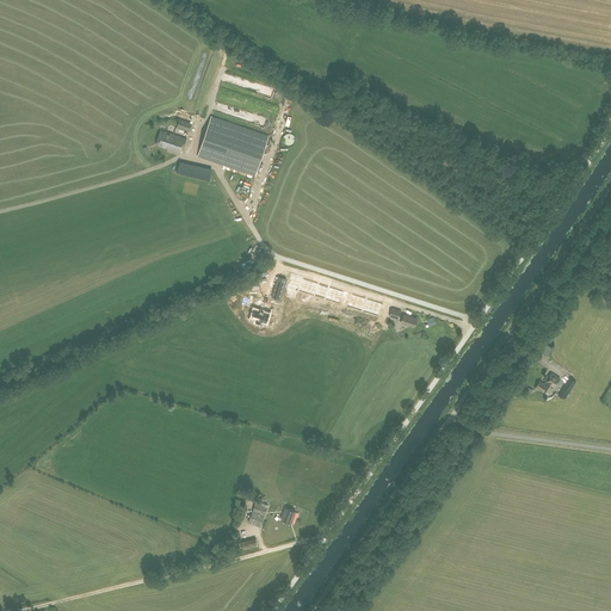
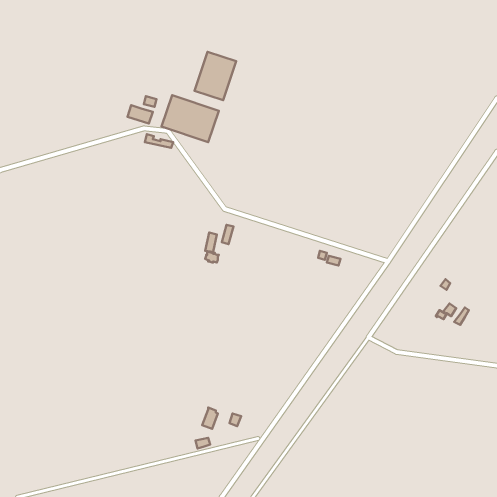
building: none -> [194,52,236,100]

